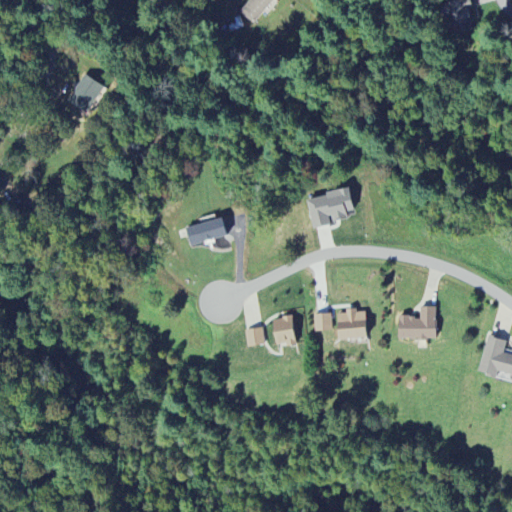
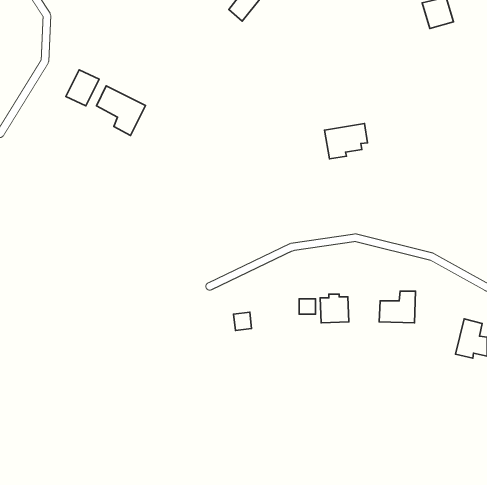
building: none -> [97,86,145,135]
building: [308,189,353,226] -> [325,124,367,159]
building: [185,216,226,244] -> none
building: [272,315,295,344] -> none

